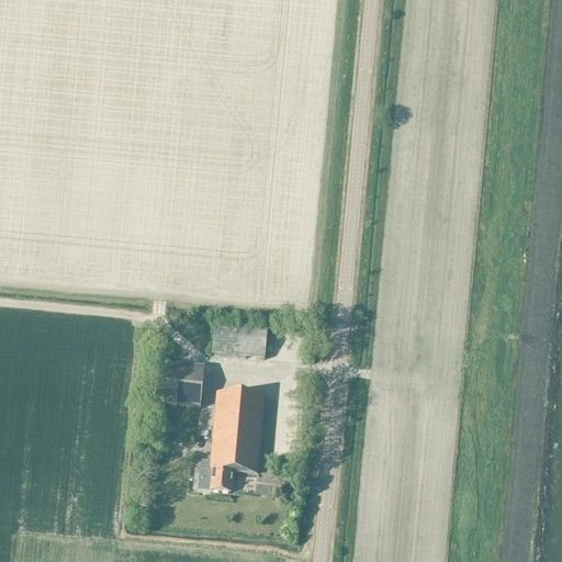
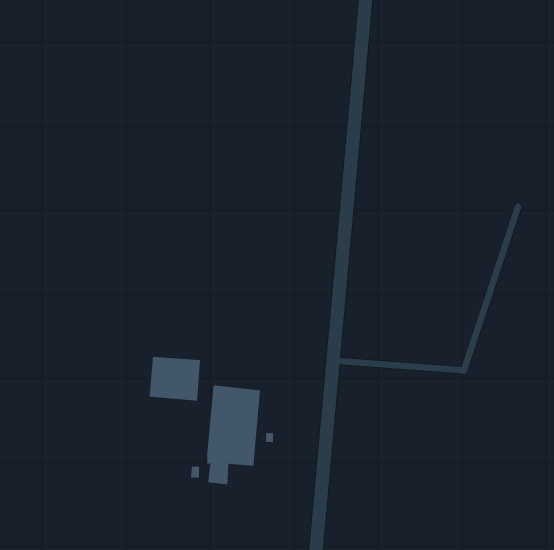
building: [212,323,268,356] -> none

